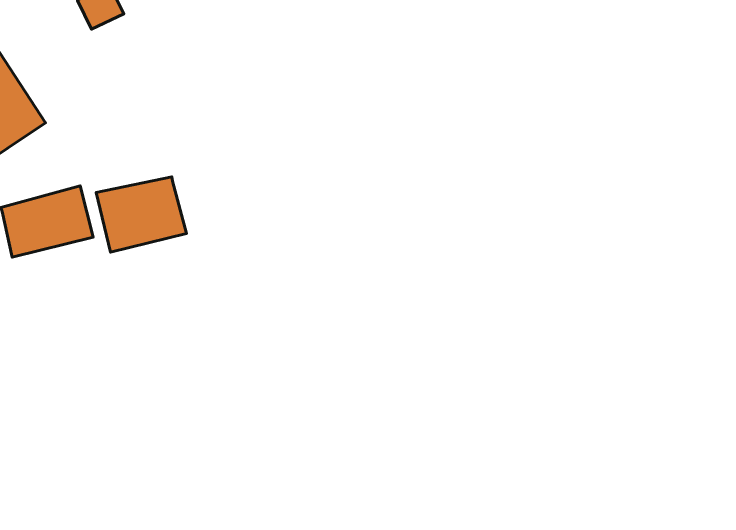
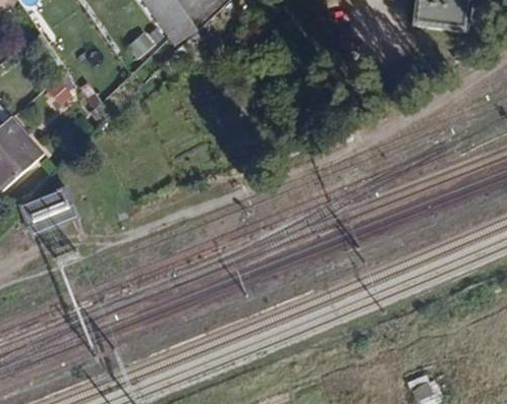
building: [96,177,186,252] -> none

